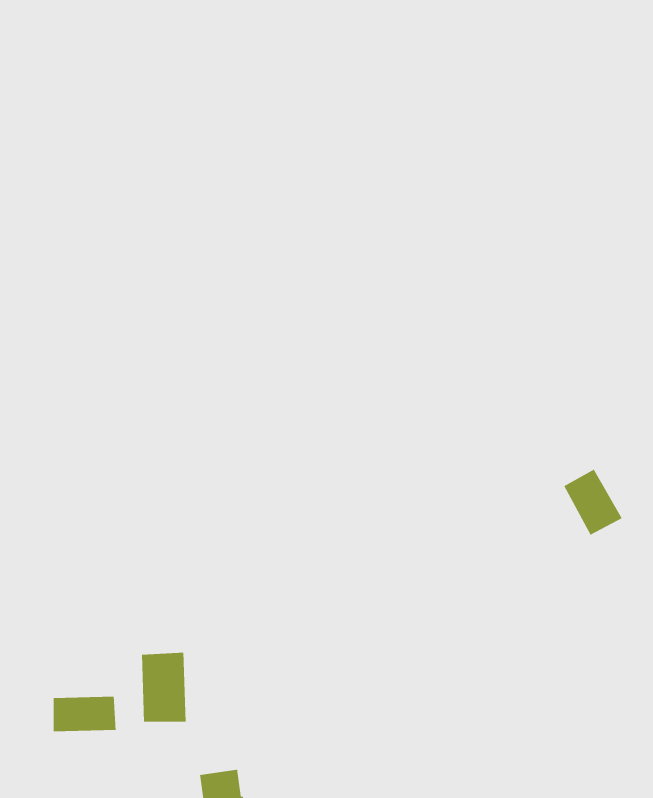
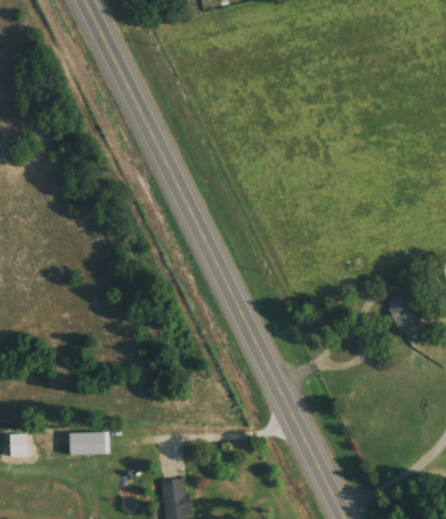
building: [141,652,186,722] -> none

